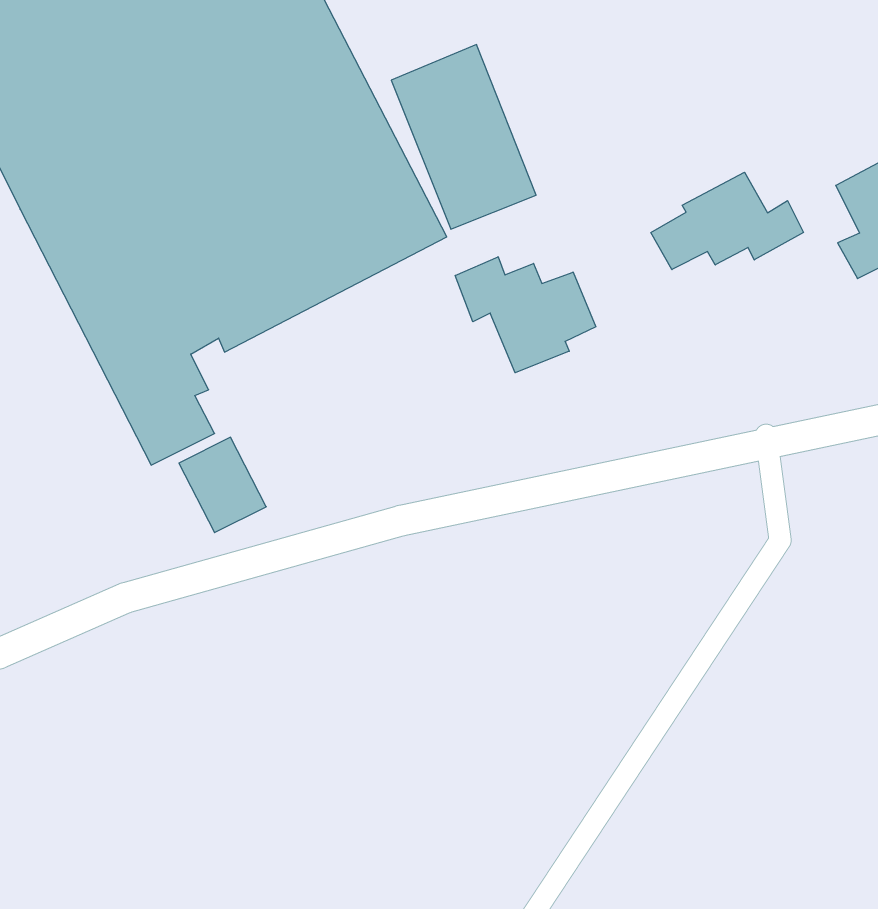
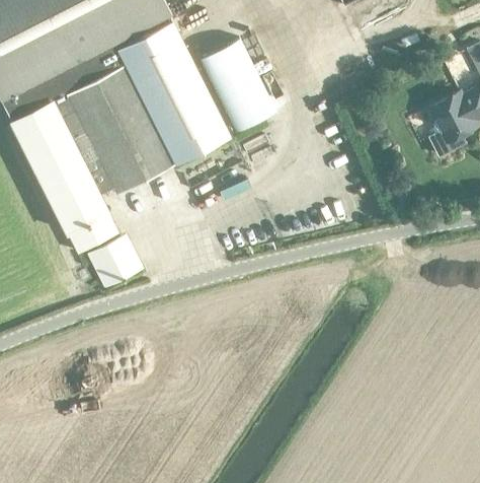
building: [651,172,803,270] -> none
building: [455,257,596,373] -> none

